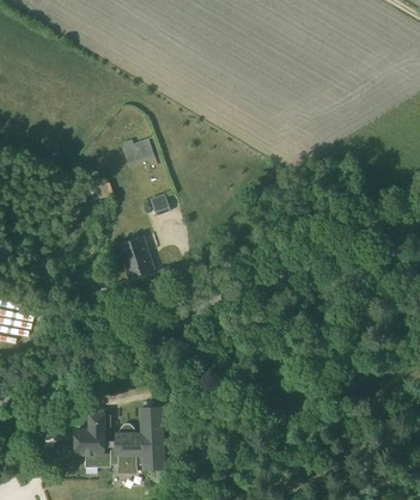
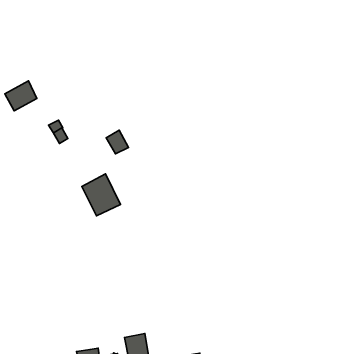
building: [122,138,154,166] -> [5,81,37,111]

